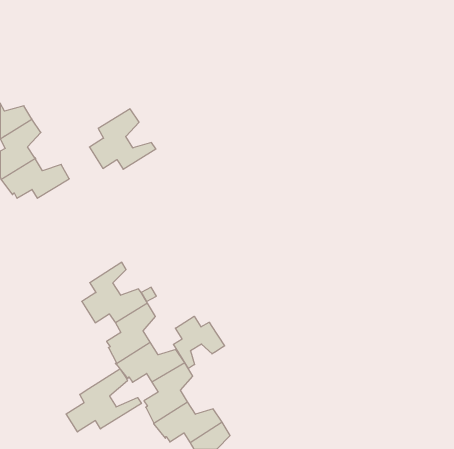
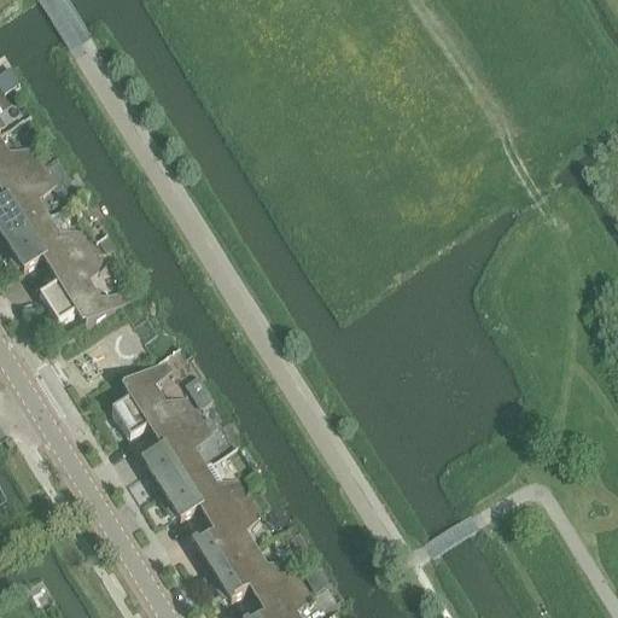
building: [89,109,156,169] -> [39,243,129,325]
building: [173,316,225,369] -> none
building: [66,369,141,432] -> none

